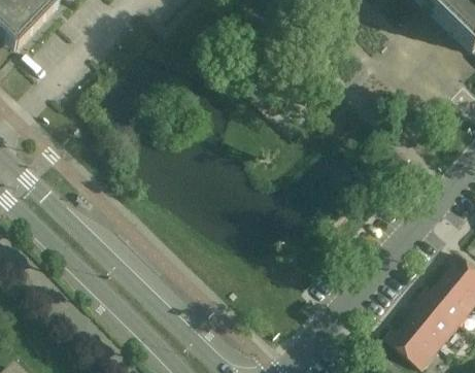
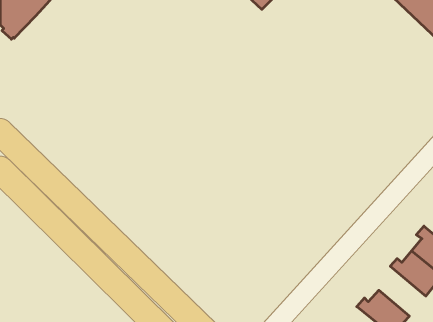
building: [407,294,457,347] -> none

